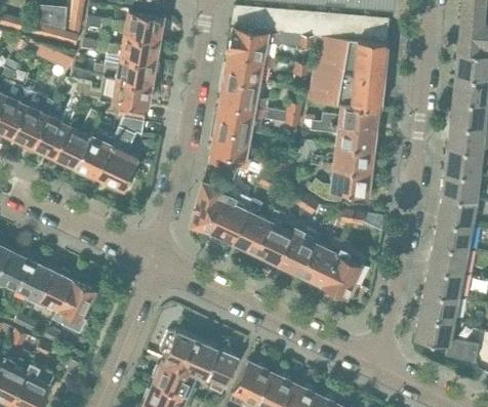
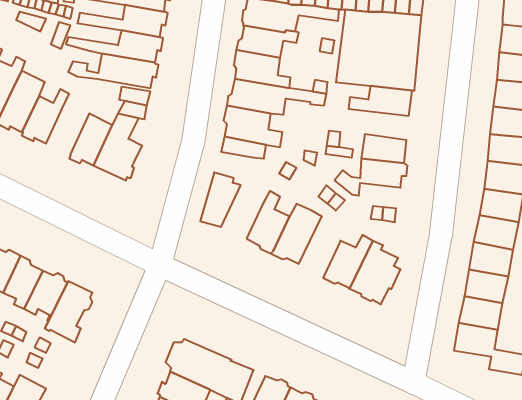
building: [54,111,100,166] -> none
building: [311,125,375,154] -> none
building: [209,169,249,242] -> none
building: [278,221,319,276] -> none

